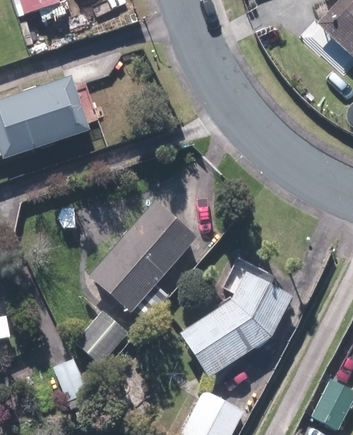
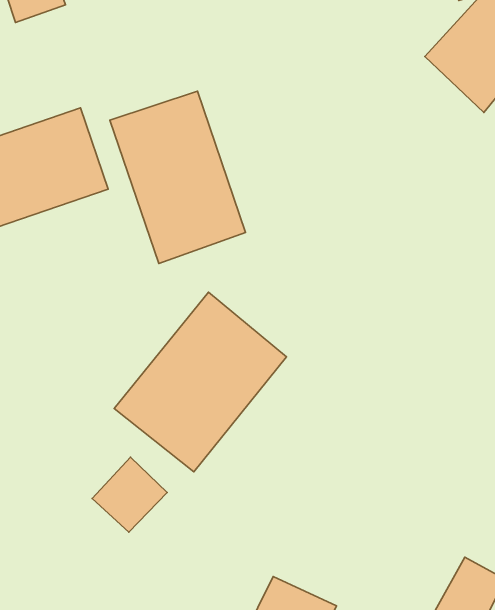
building: none -> [110,91,246,263]
building: [183,265,288,377] -> none

